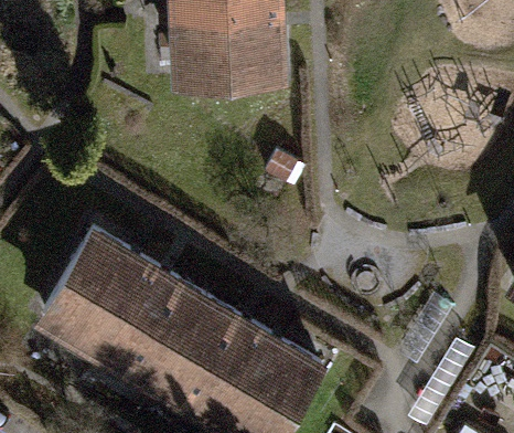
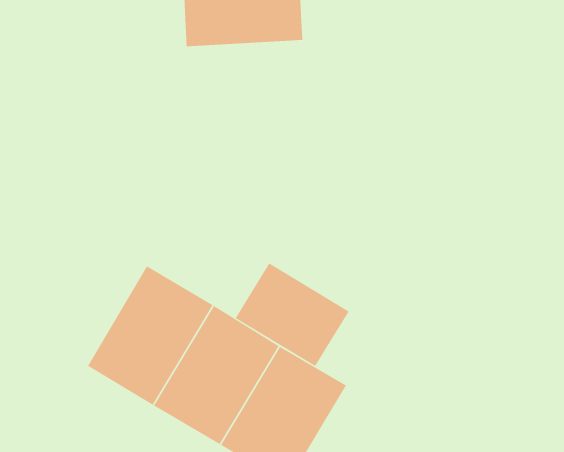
building: [44,232,150,349] -> none
building: none -> [235,263,349,367]

